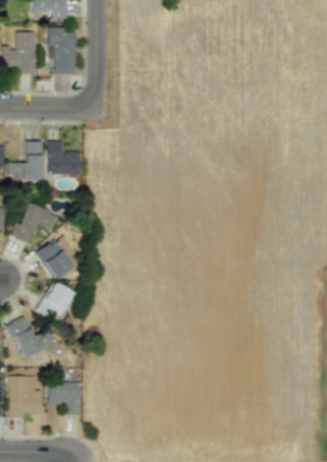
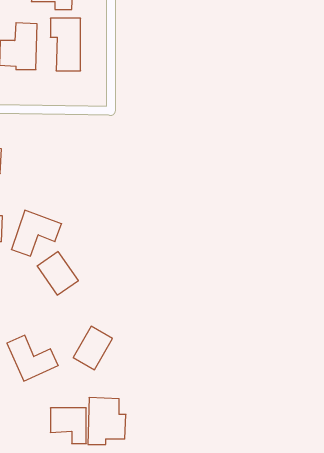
building: [7,141,42,179] -> none
building: [47,141,80,175] -> none
building: [38,282,73,322] -> [73,326,112,370]
building: [7,376,42,418] -> [88,398,126,444]

